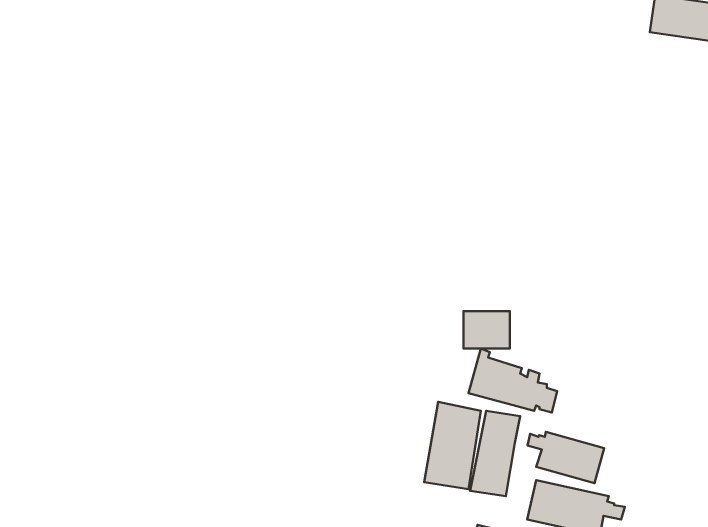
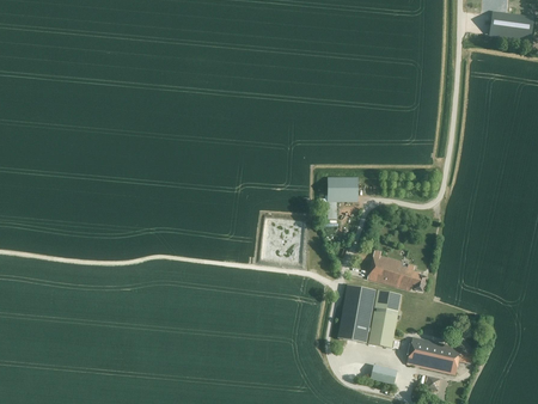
building: [464,311,510,349] -> [326,177,357,202]
building: [528,432,604,483] -> none

